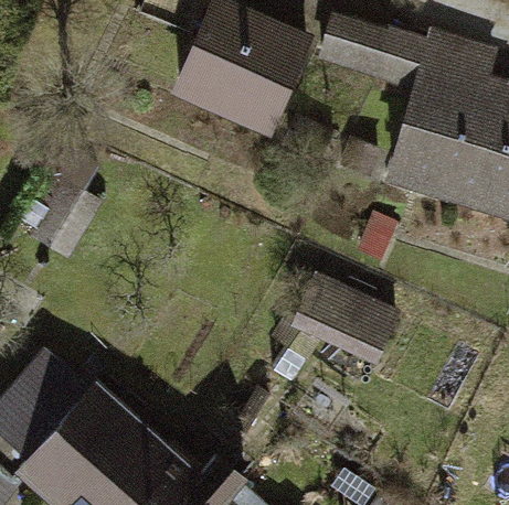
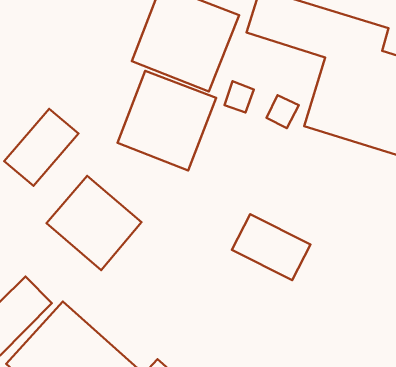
building: none -> [118,71,216,171]
building: none -> [47,176,142,270]

